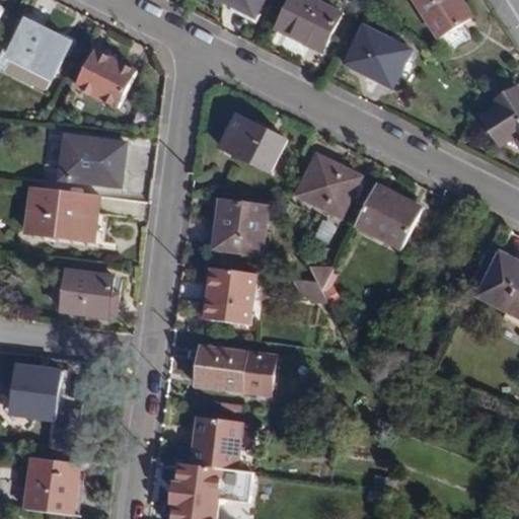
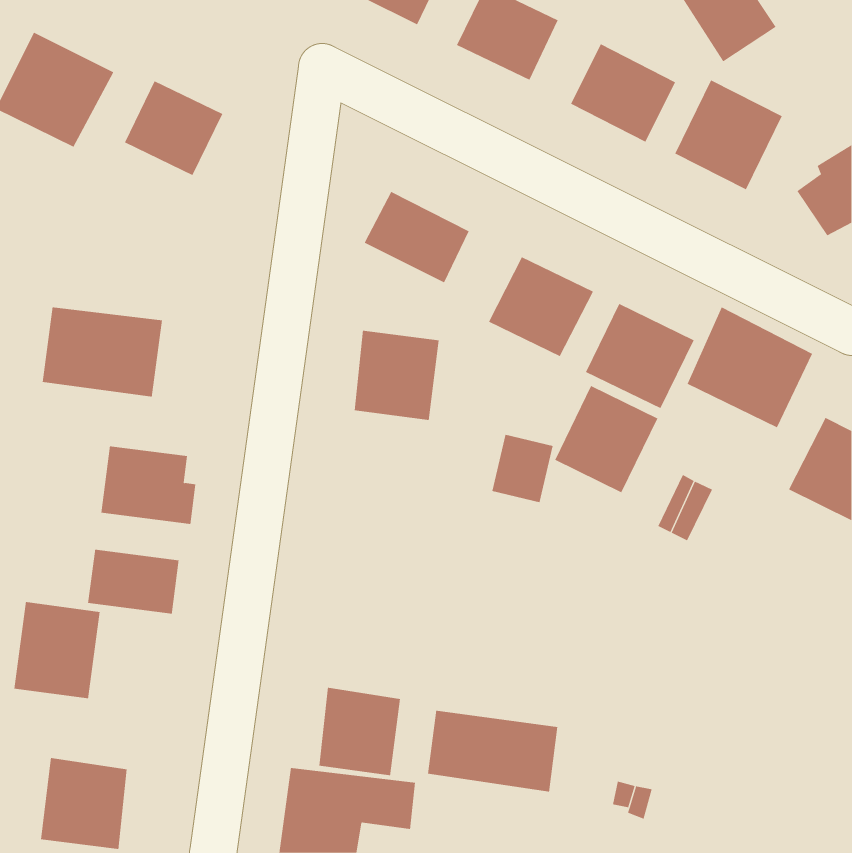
building: none -> [675,79,782,190]
building: [57,134,124,187] -> none
building: none -> [687,306,813,428]
building: none -> [554,385,658,493]
building: [204,280,252,324] -> none
building: none -> [88,549,179,614]
building: [194,346,273,395] -> [427,710,558,792]

